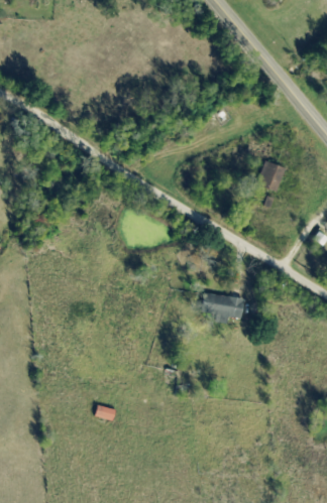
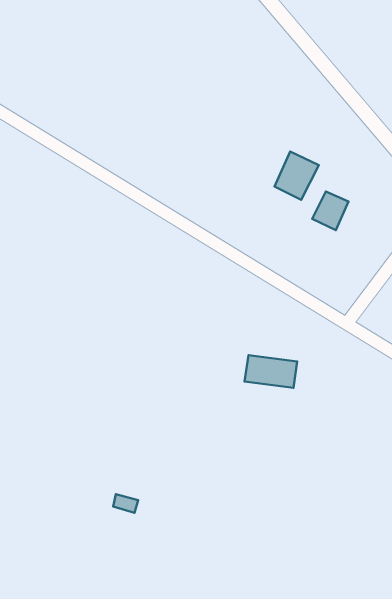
building: none -> [275,152,319,200]

